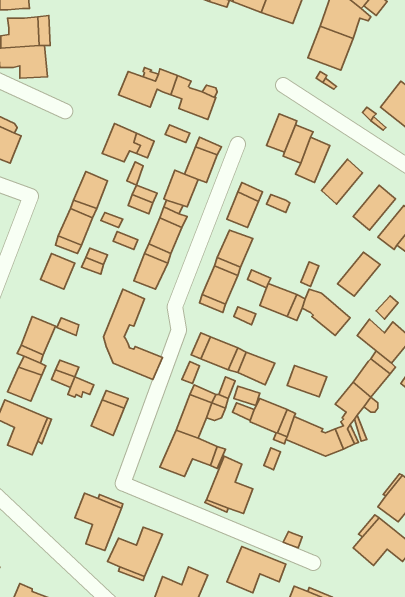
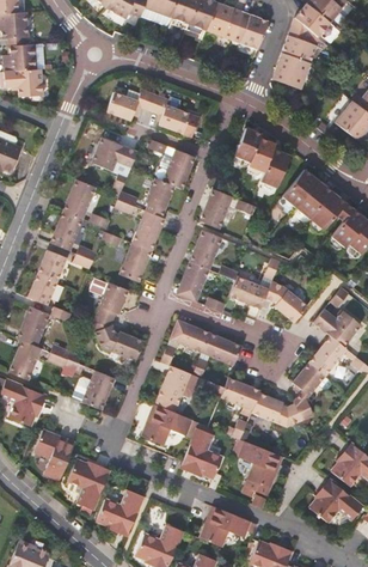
building: [338,252,380,296] -> [295,179,332,218]
building: none -> [27,273,57,305]
building: [287,365,327,397] -> none
building: none -> [33,429,74,480]
building: none -> [237,440,282,495]

